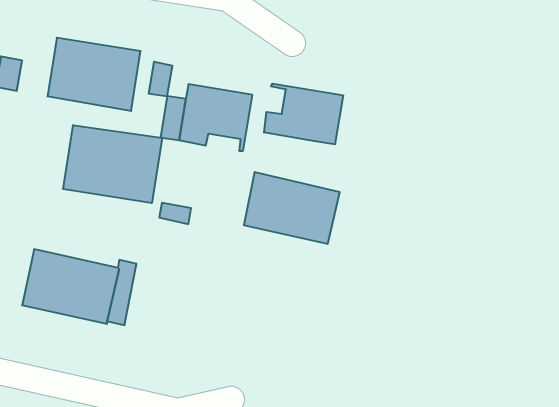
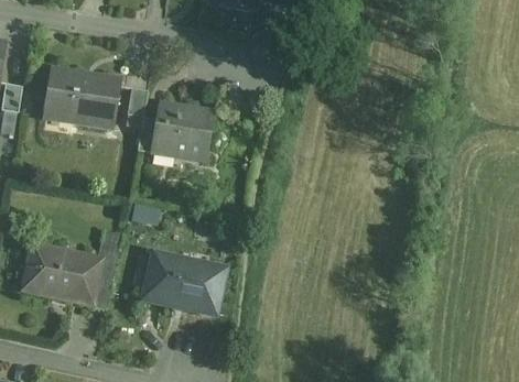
building: [264,84,343,144] -> none
building: [63,125,162,203] -> none
building: [244,172,340,244] -> [144,253,224,313]

